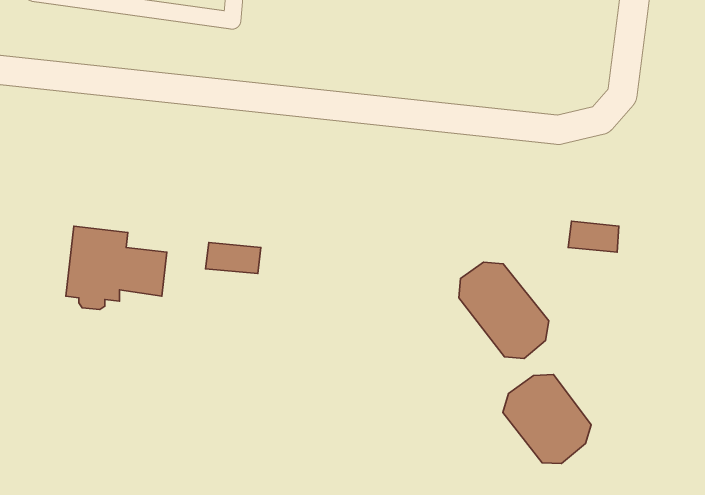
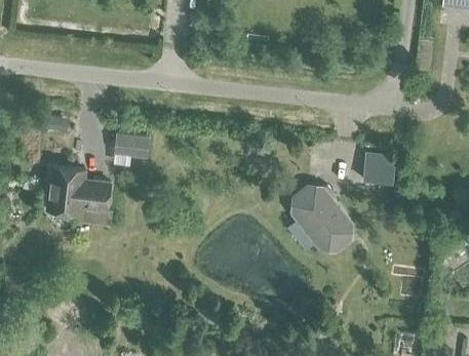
building: [205,243,261,274] -> [114,133,149,153]
building: [503,375,591,464] -> none

